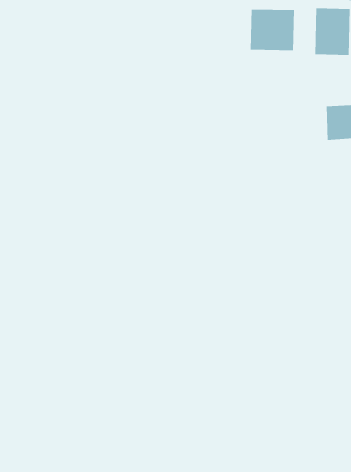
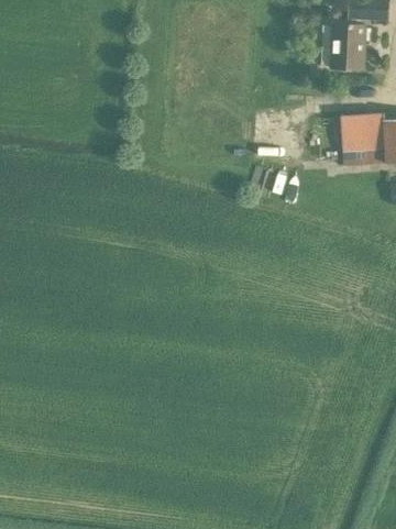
building: [250,9,295,51] -> none

